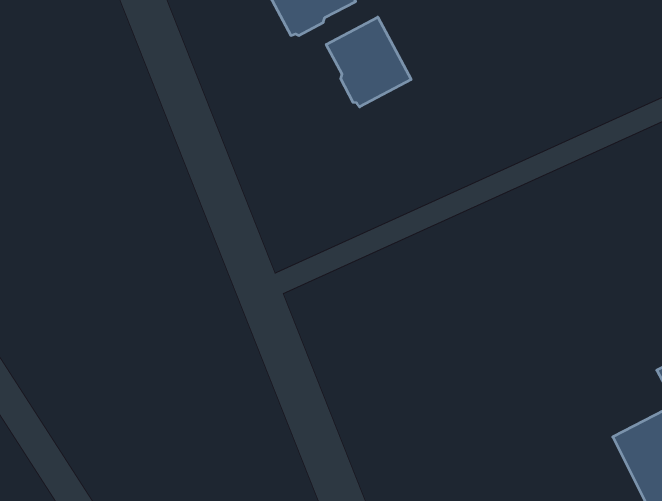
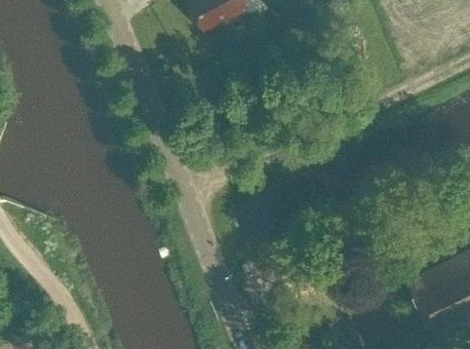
building: [326,17,411,107] -> none

